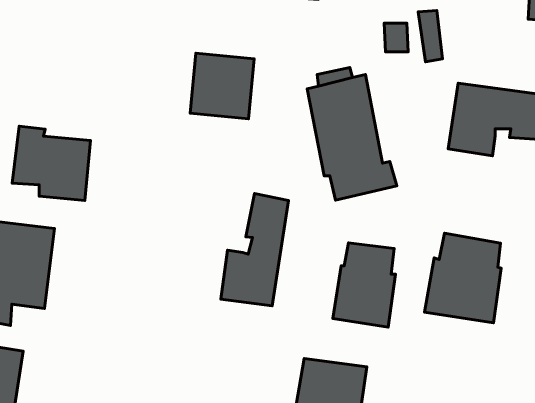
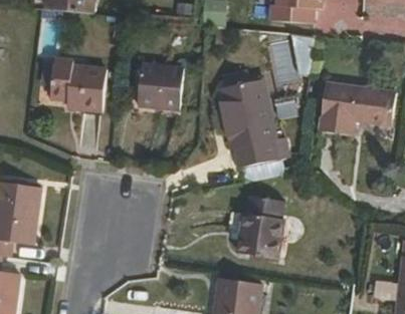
building: [12,126,91,200] -> [50,58,106,110]
building: [221,194,288,306] -> none
building: [424,233,501,323] -> none

